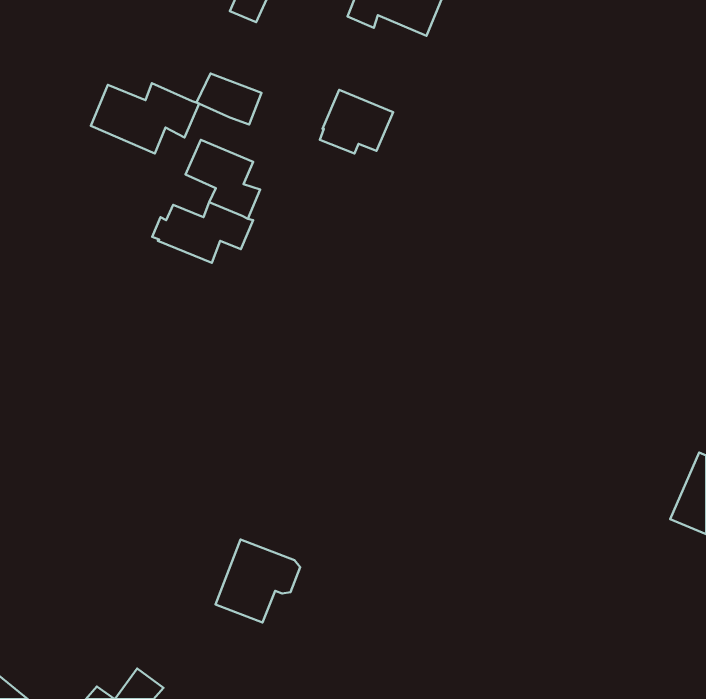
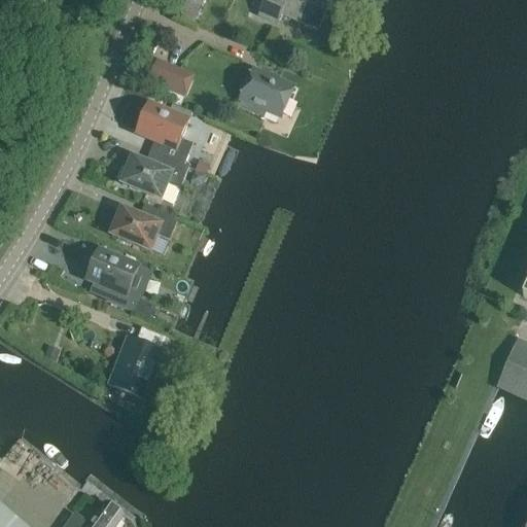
building: [91,83,199,154] -> none
building: none -> [111,204,178,249]
building: none -> [87,248,143,308]
building: [216,539,300,623] -> [109,333,172,395]

